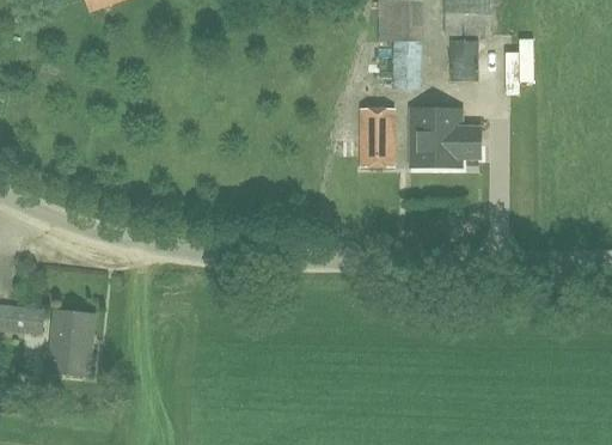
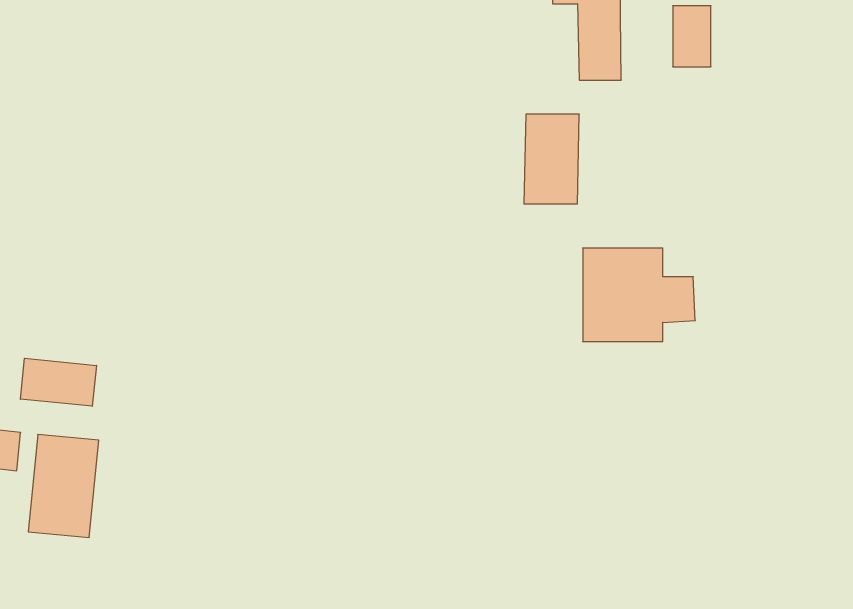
building: [410,108,481,166] -> [583,248,695,342]
building: none -> [20,358,96,406]

